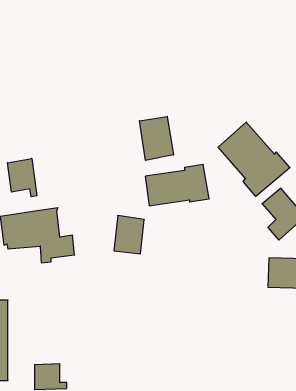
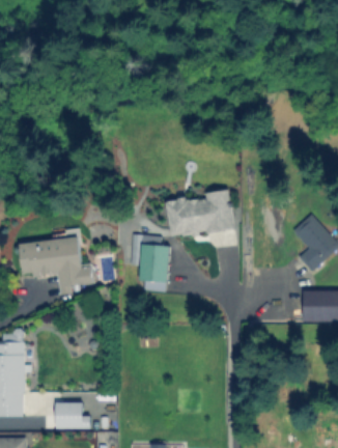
building: [139,116,173,160] -> none
building: [218,122,290,196] -> none
building: [8,158,37,197] -> none

